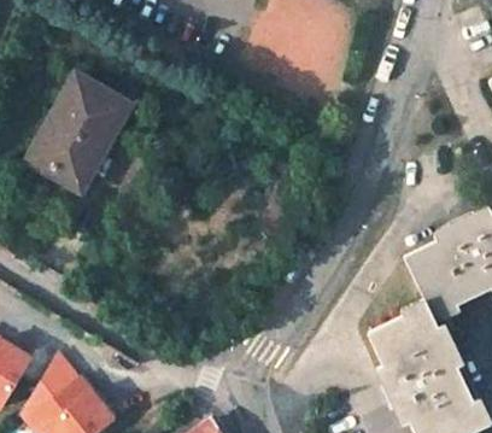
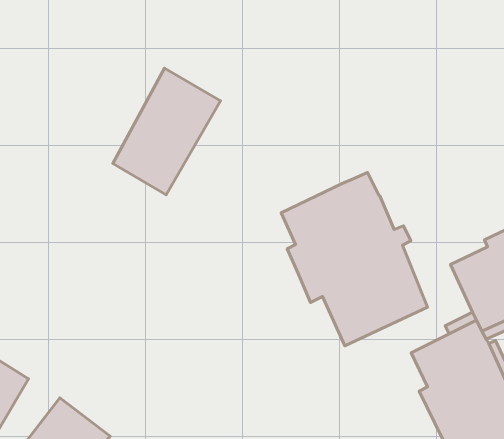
building: [30,74,125,186] -> [113,68,220,195]
building: none -> [281,172,428,346]

